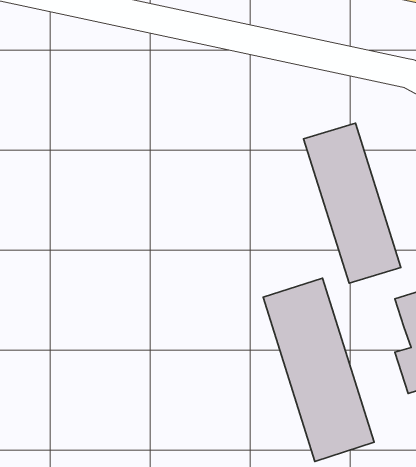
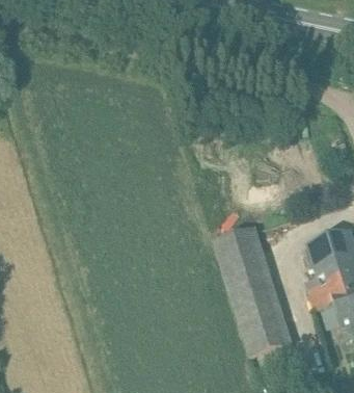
building: [304,123,401,283] -> none

